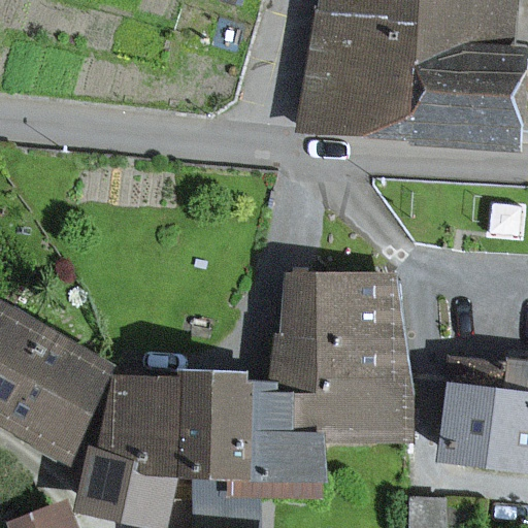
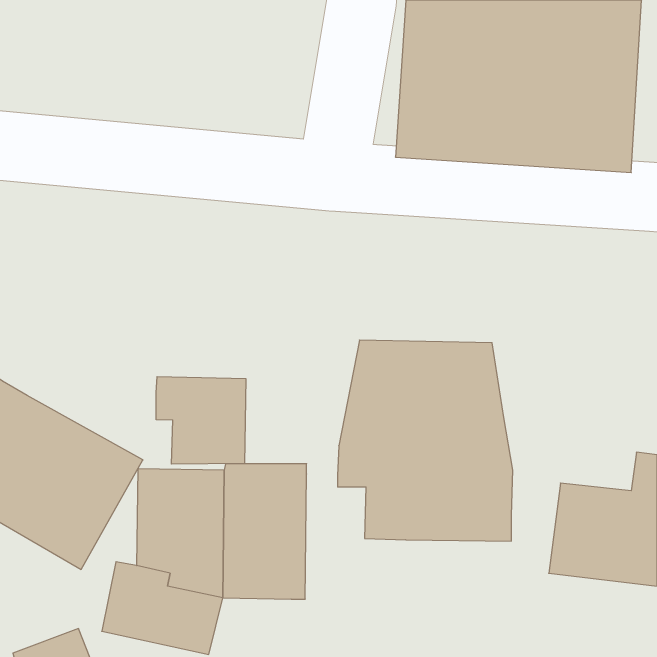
building: none -> [156,377,246,464]
building: [233,381,325,497] -> none

